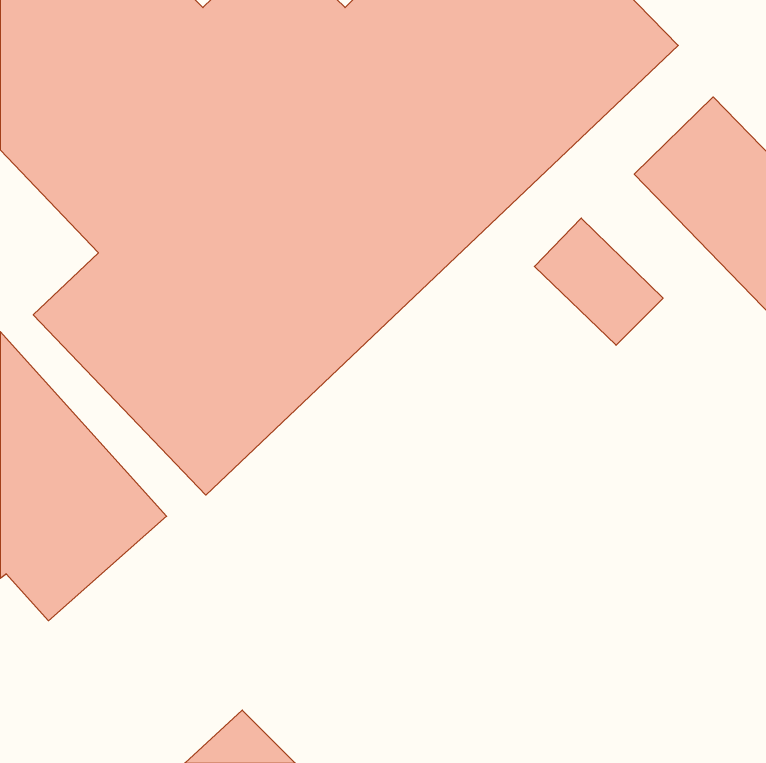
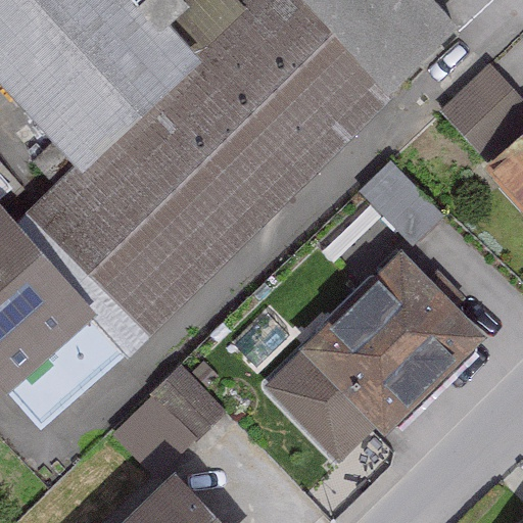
building: none -> [271,259,475,453]
building: none -> [118,364,221,466]

